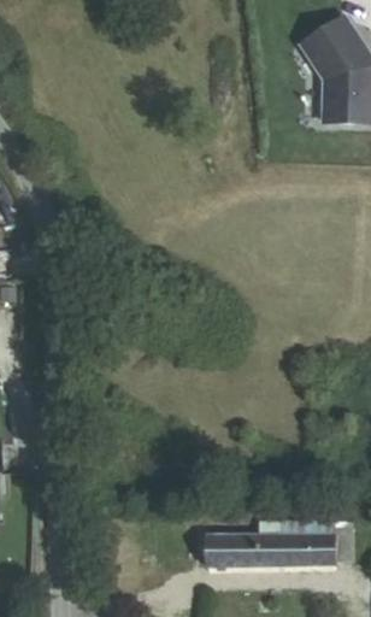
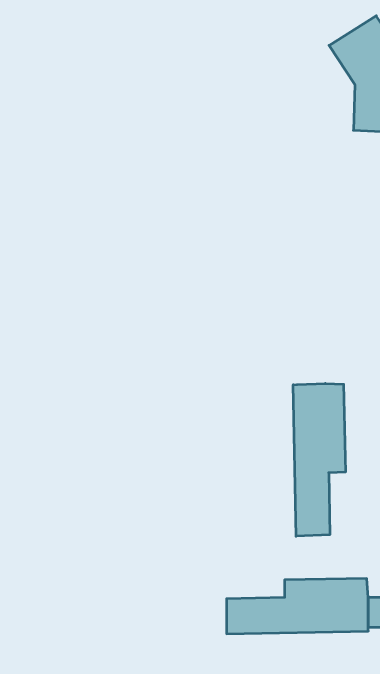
building: none -> [293,383,345,536]

